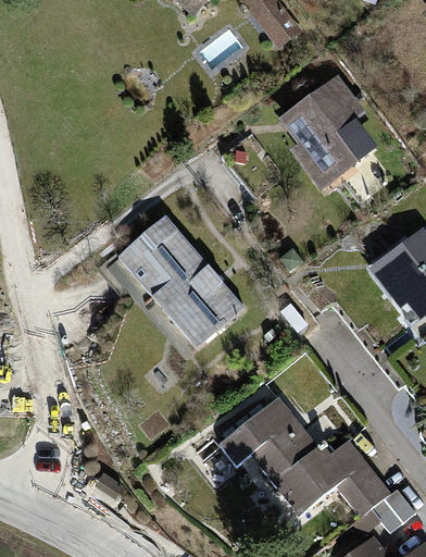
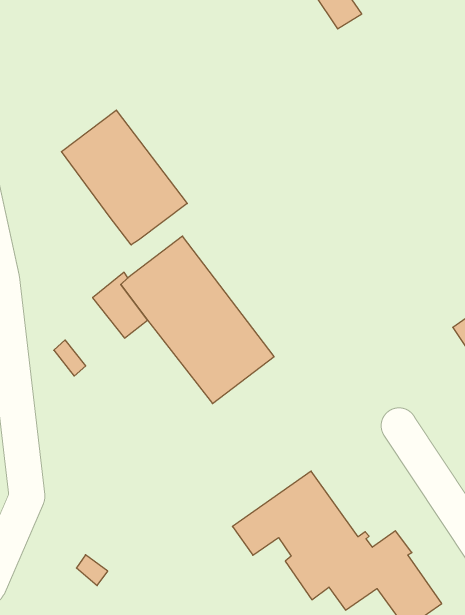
building: [291,84,369,183] -> none
building: none -> [61,110,187,245]

